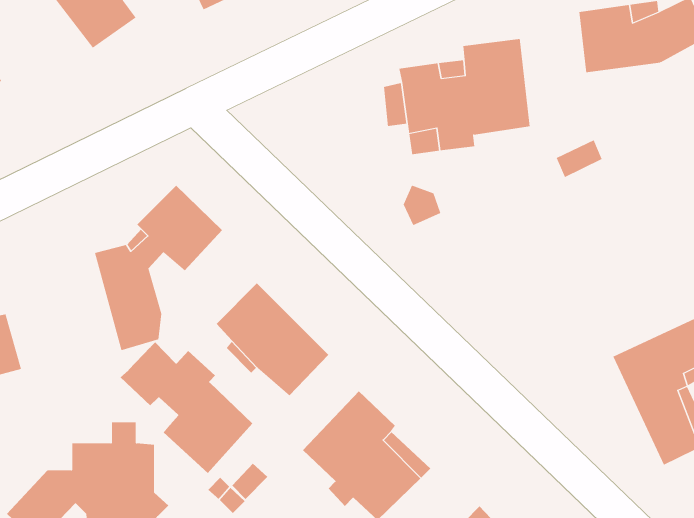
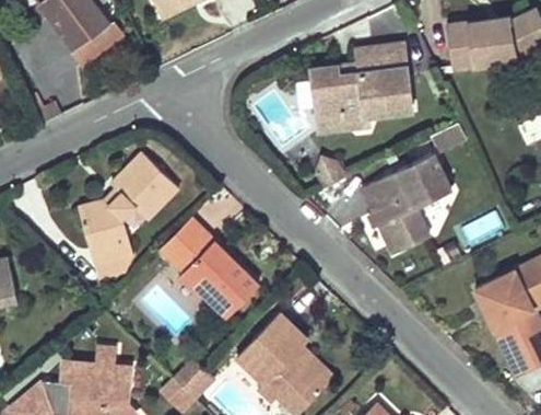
building: none -> [360,151,450,253]
building: [120,341,253,474] -> none

